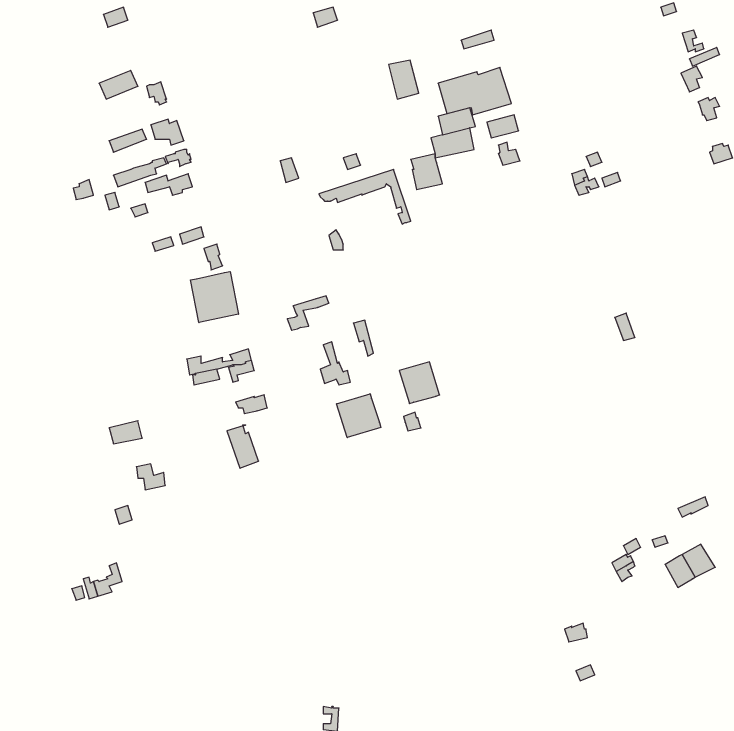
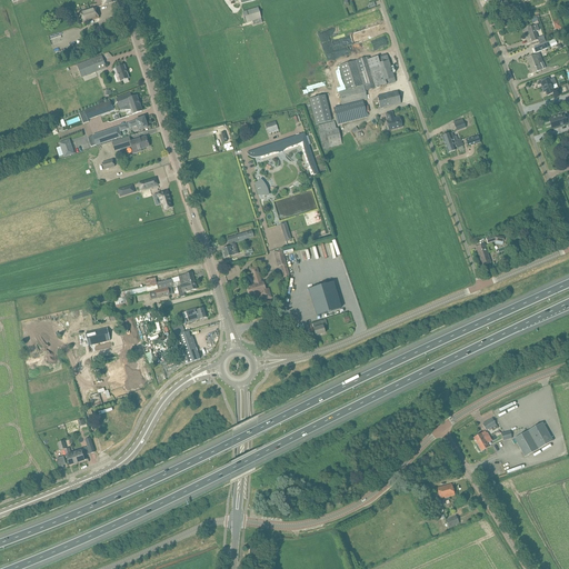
building: [389,60,419,99] -> [309,93,332,123]
building: [191,272,238,323] -> none
building: [337,394,381,438] -> none

